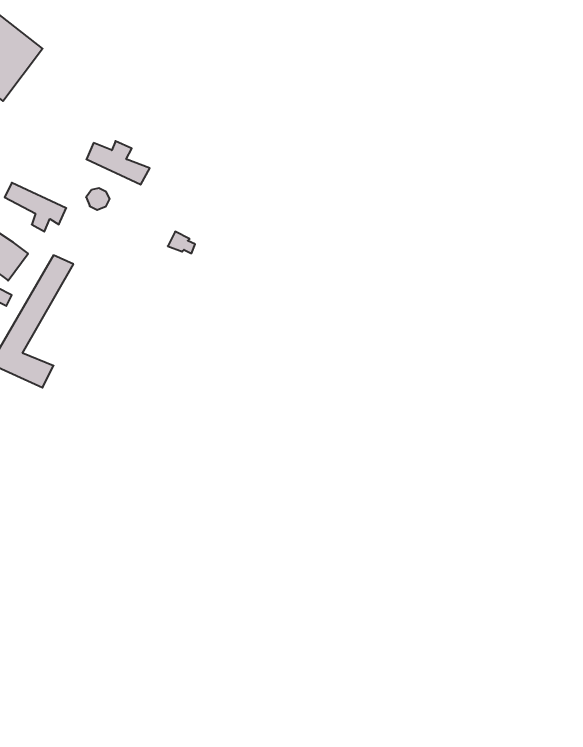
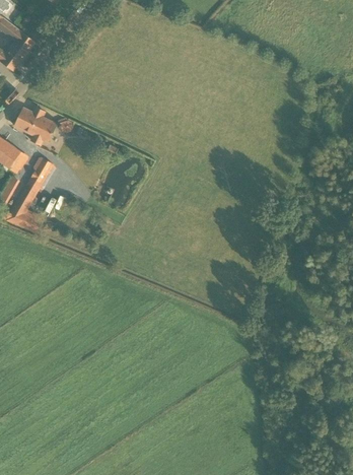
building: [86,141,150,185] -> [20,109,56,133]

